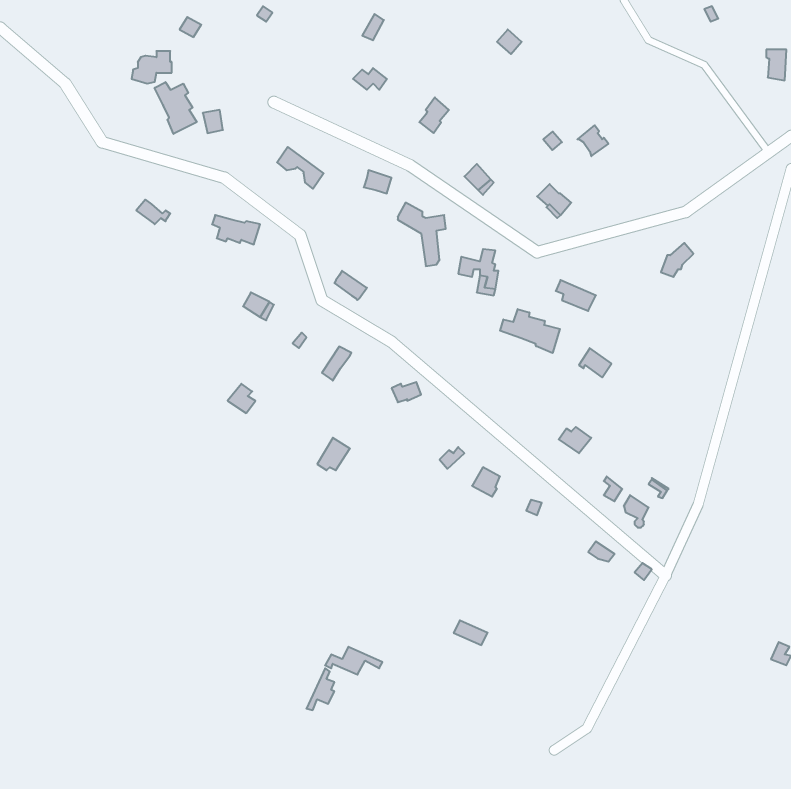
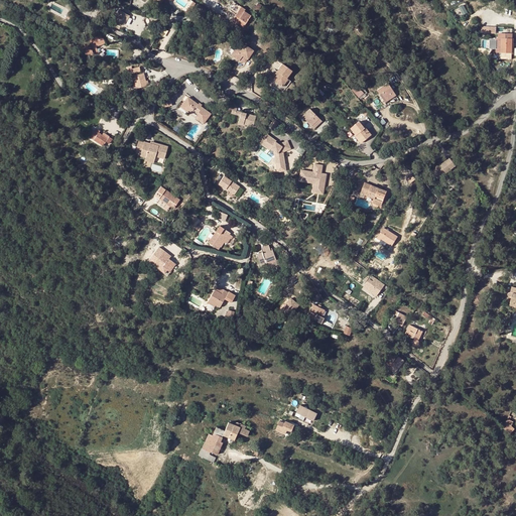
building: [155,82,197,134] -> none
building: [500,309,560,353] -> none

